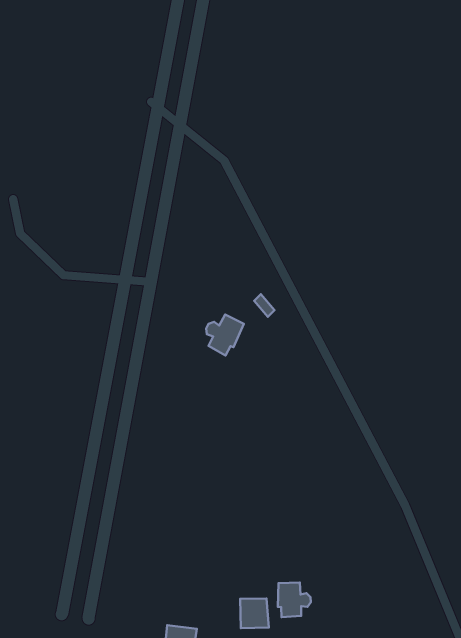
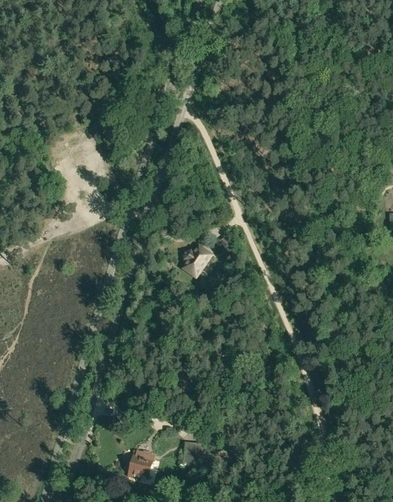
building: [278,583,311,617] -> none

